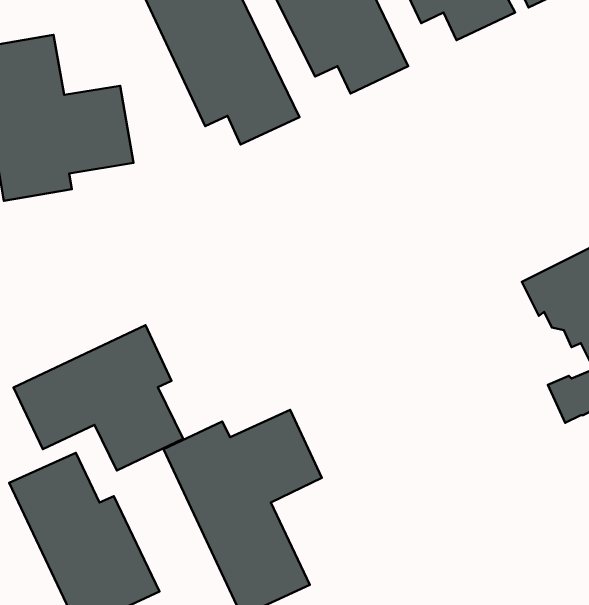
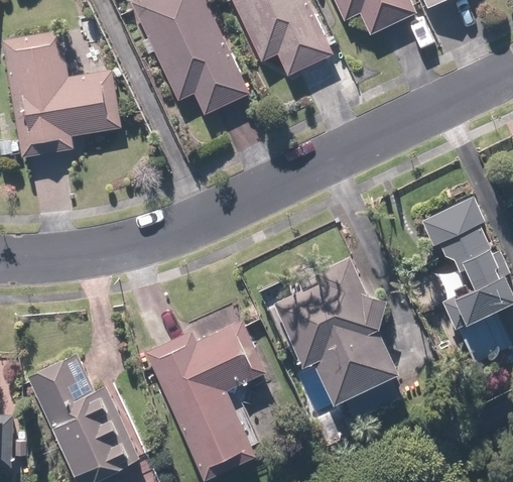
building: [14,325,183,470] -> none
building: none -> [272,266,400,404]

